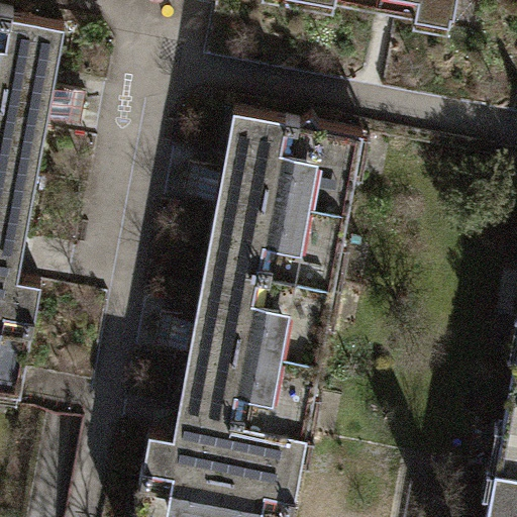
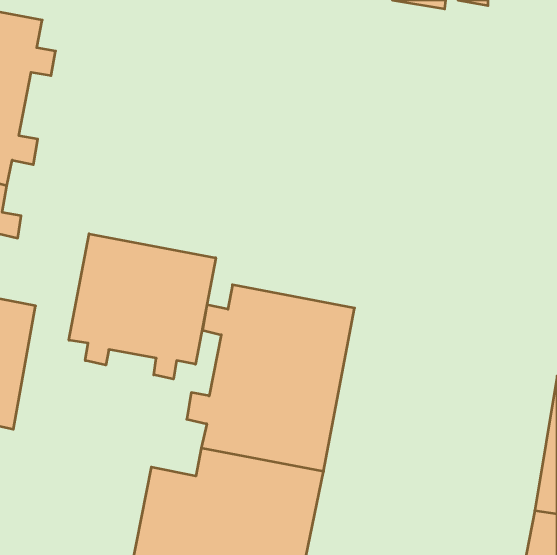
building: [197,116,351,292] -> none
building: none -> [69,234,216,379]

